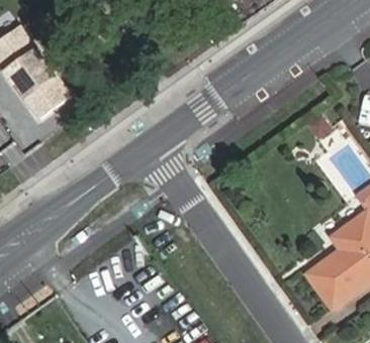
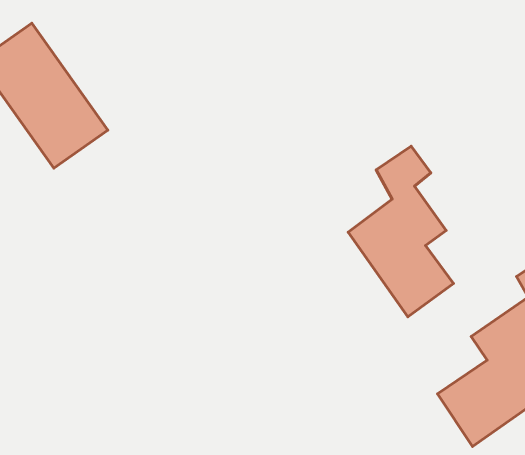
building: none -> [348,146,453,317]

